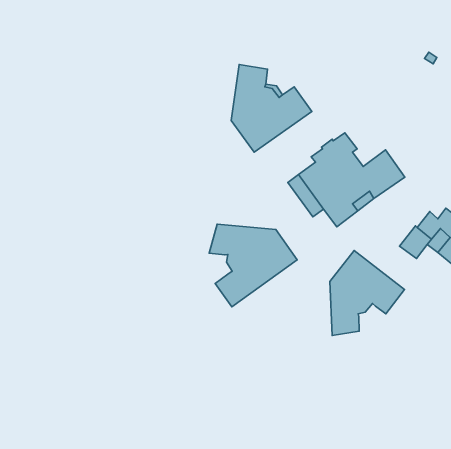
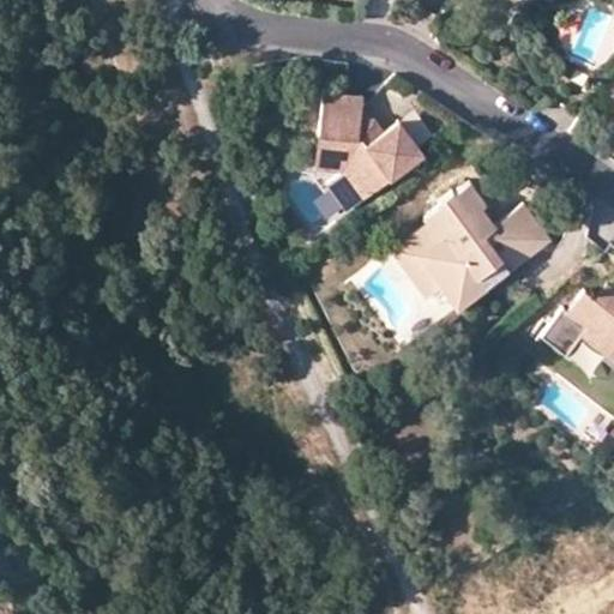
building: [209,224,297,307] -> none
building: [330,251,405,335] -> none

